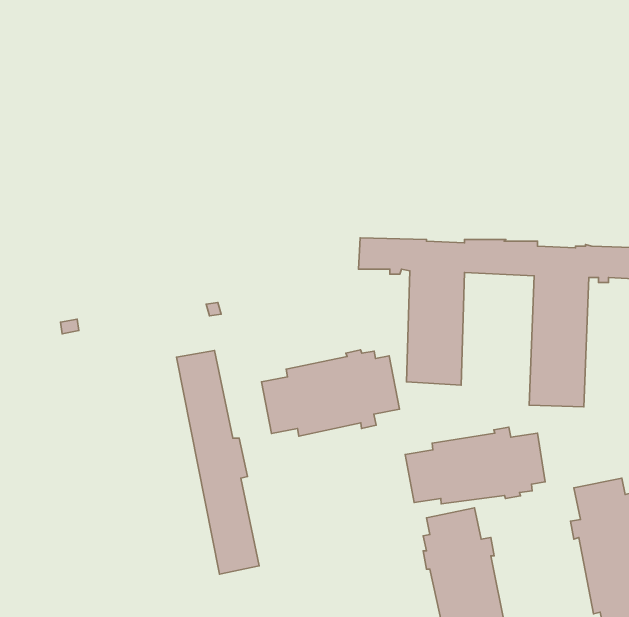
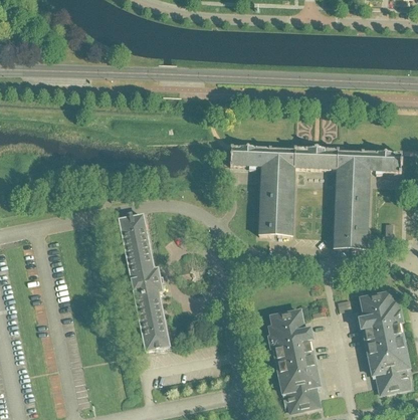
building: [262,350,400,436] -> none
building: [405,427,545,504] -> none

